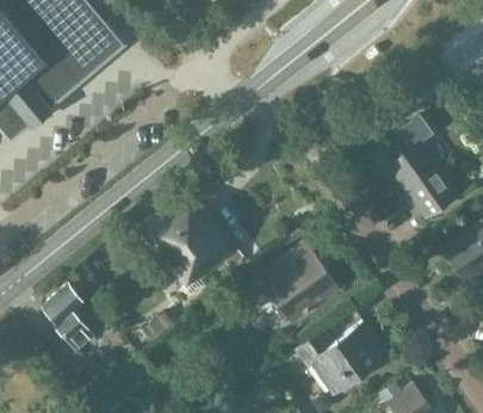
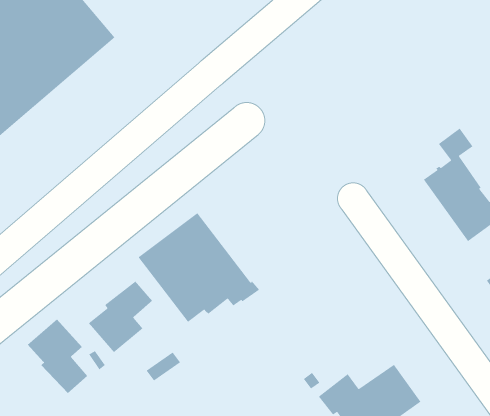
building: [237,245,338,325] -> none
building: none -> [88,280,153,353]

